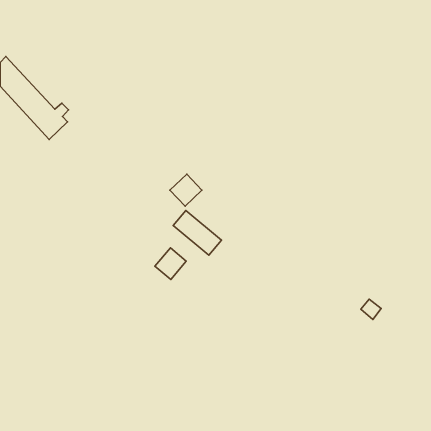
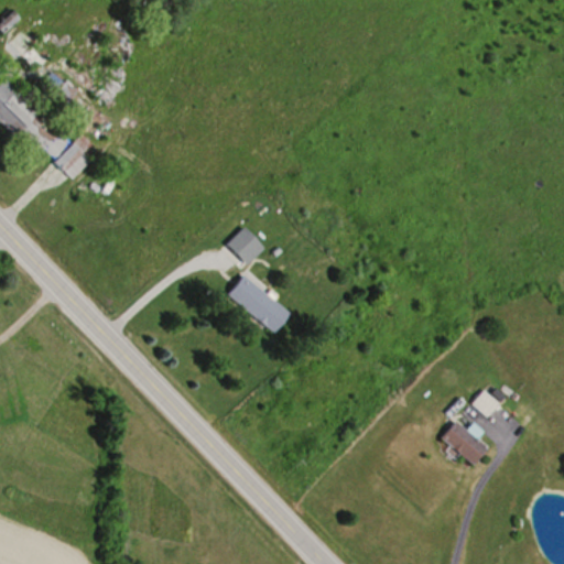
building: [155,248,186,279] -> none
building: none -> [441,421,488,466]

